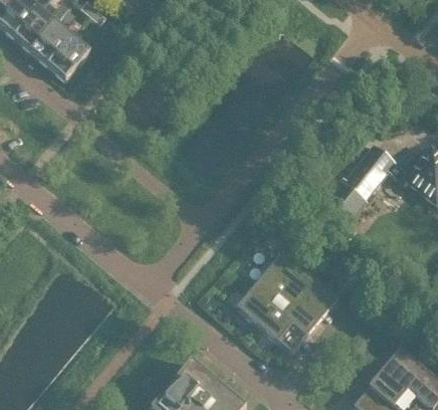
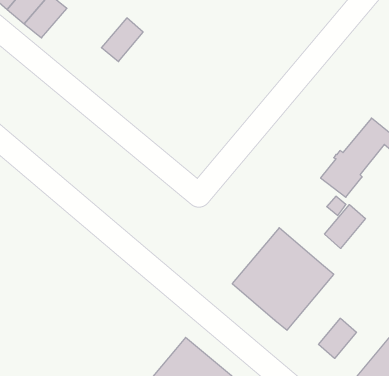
building: [47,35,88,78] -> [101,18,143,62]
building: none -> [325,205,365,248]
building: none -> [319,318,356,358]

